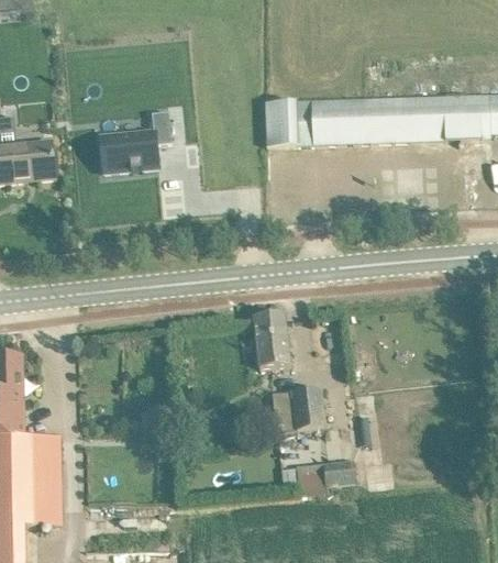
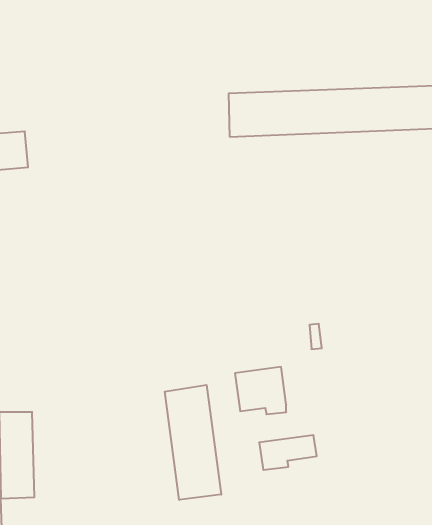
building: [100,112,171,173] -> none
building: [253,312,290,368] -> none
building: none -> [165,385,221,500]

